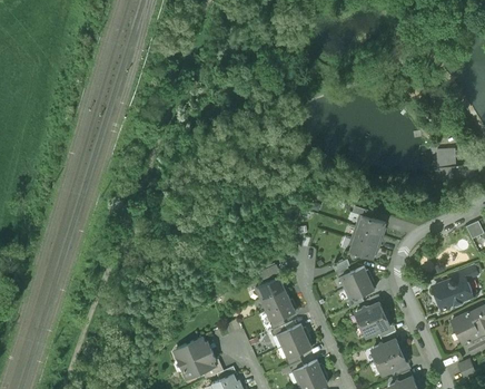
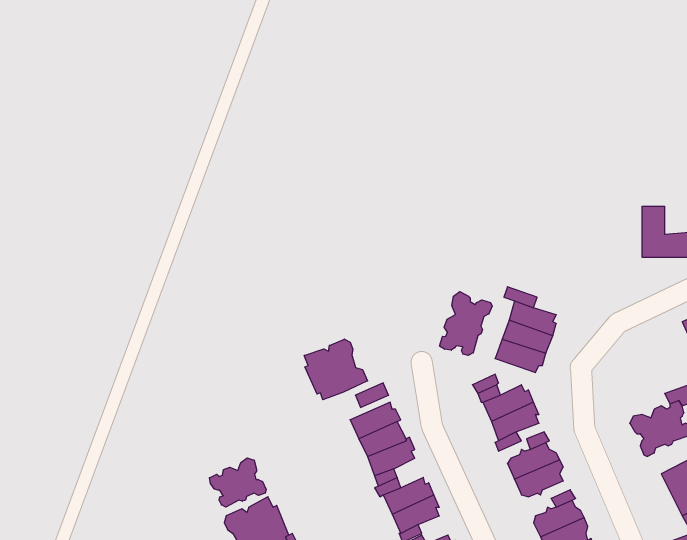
building: none -> [439,292,492,355]
building: none -> [304,339,368,400]
building: none -> [209,458,266,507]

